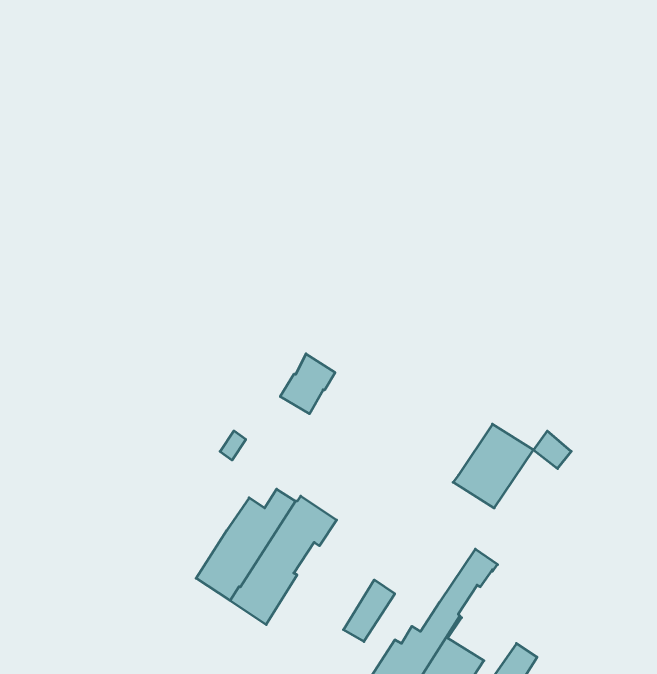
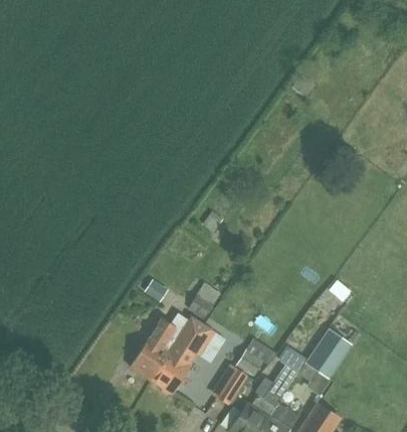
building: [280,354,335,414] -> [188,283,220,318]
building: [453,424,534,508] -> [304,328,352,378]
building: none -> [236,338,276,377]

